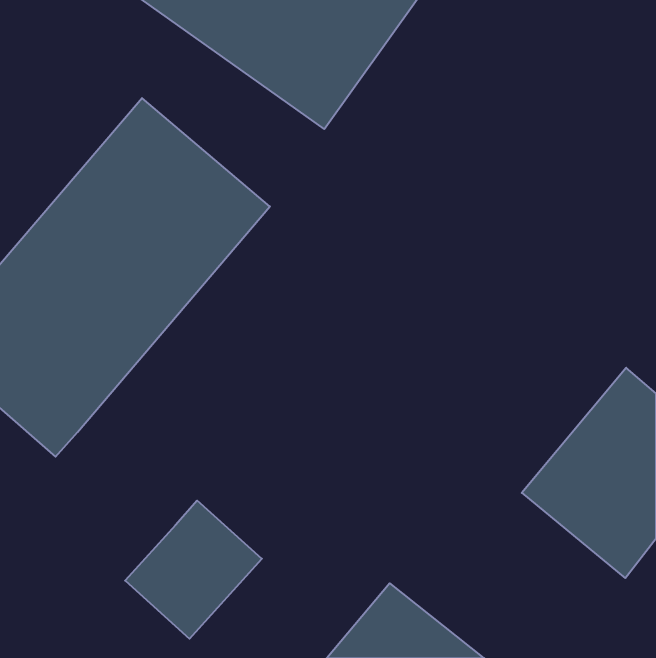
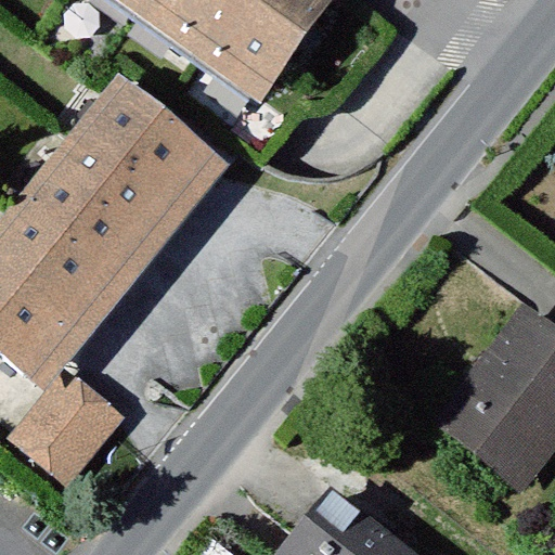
building: [125,501,262,639] -> [4,363,119,479]

